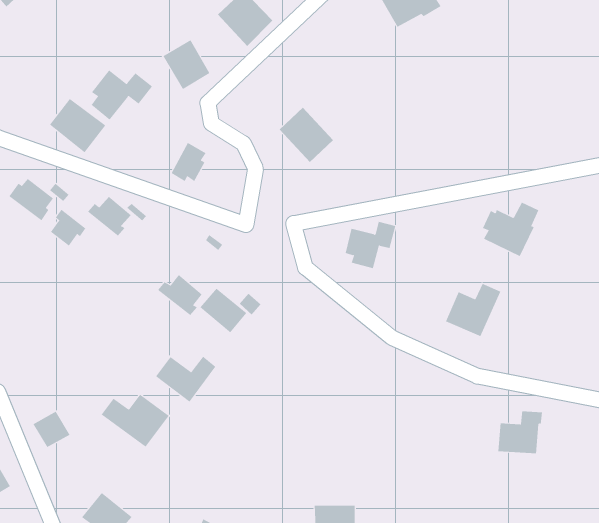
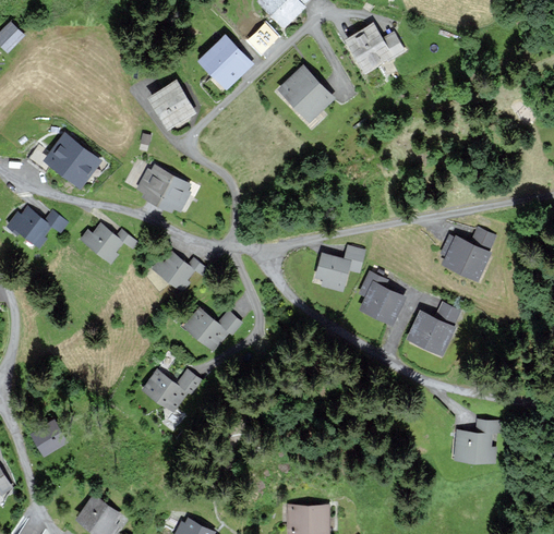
building: [91,70,153,121] -> none
building: [279,107,334,163] -> [280,68,330,119]
building: none -> [137,167,172,204]
building: [50,209,86,246] -> none
building: none -> [360,272,404,323]
building: [157,274,202,316] -> [152,253,193,291]
building: [101,394,170,447] -> none

